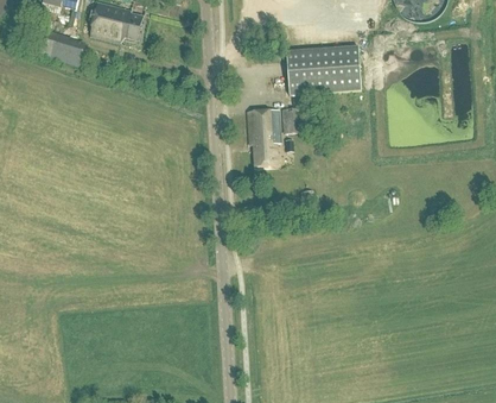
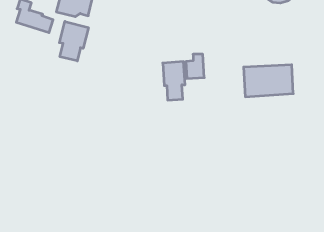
building: [286,46,360,94] -> [244,65,293,97]
building: none -> [59,21,88,61]

